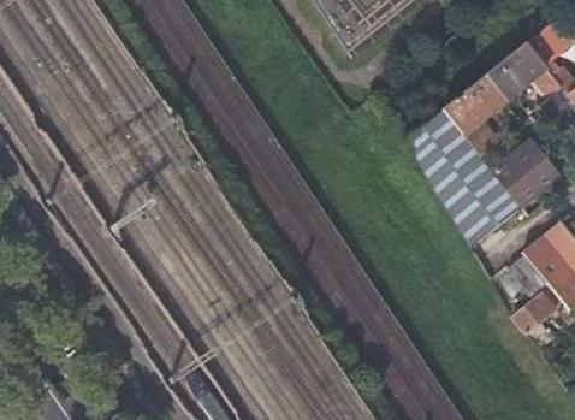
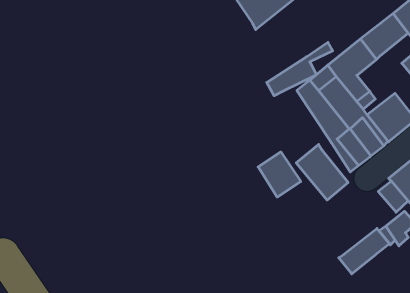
building: none -> [267,42,333,96]
building: none -> [296,144,348,200]
building: none -> [258,152,301,197]
building: none -> [339,228,389,274]

